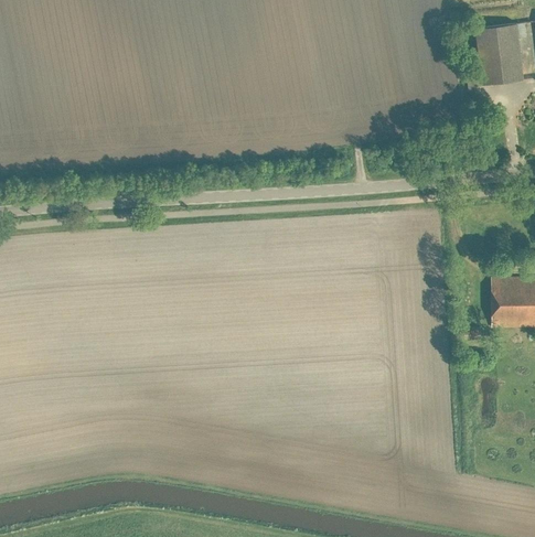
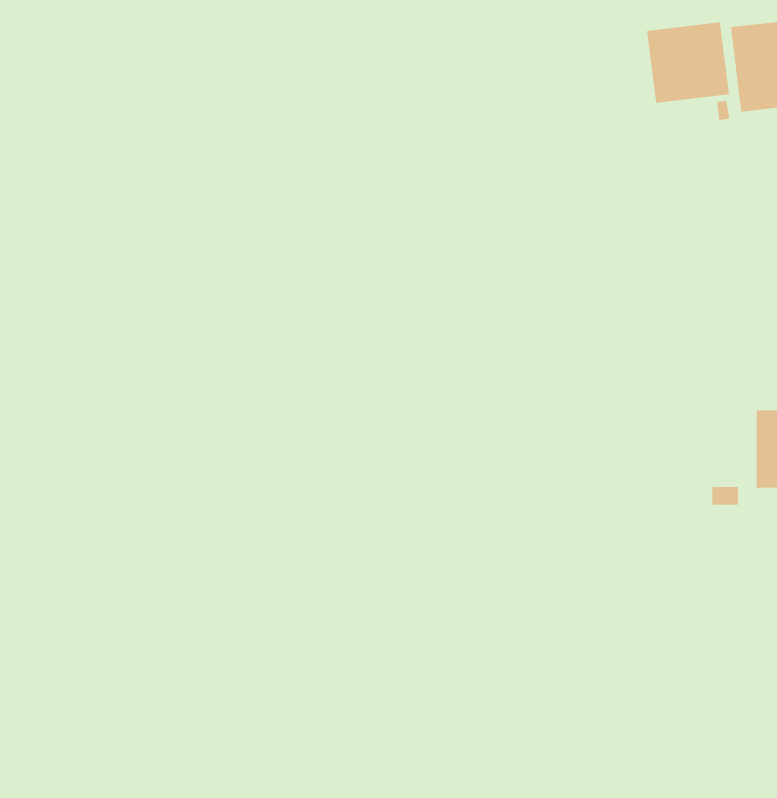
building: none -> [647,21,730,104]

